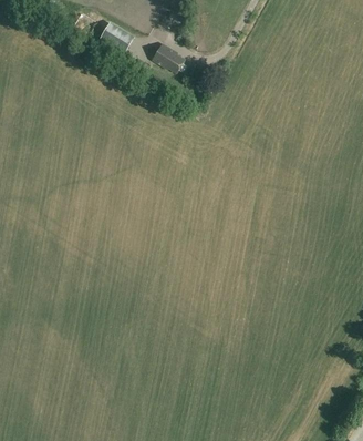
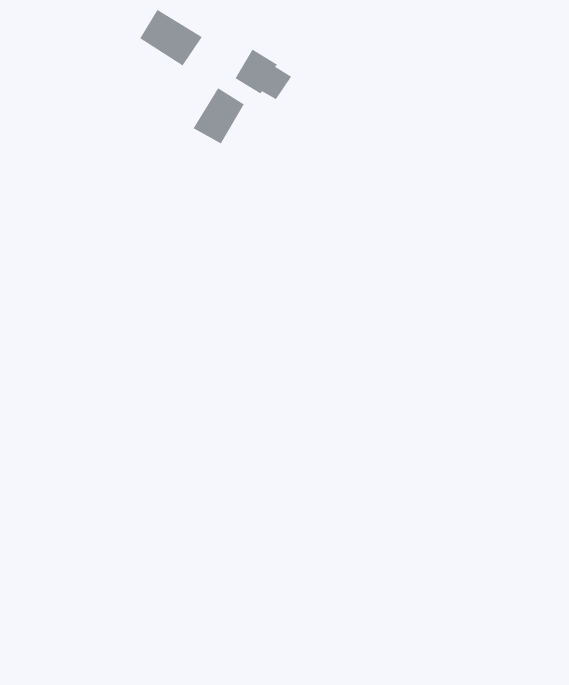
building: none -> [193,87,245,144]

